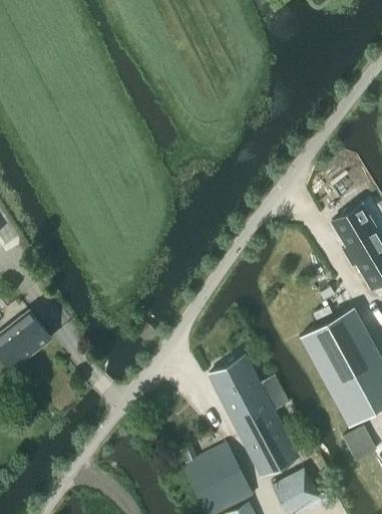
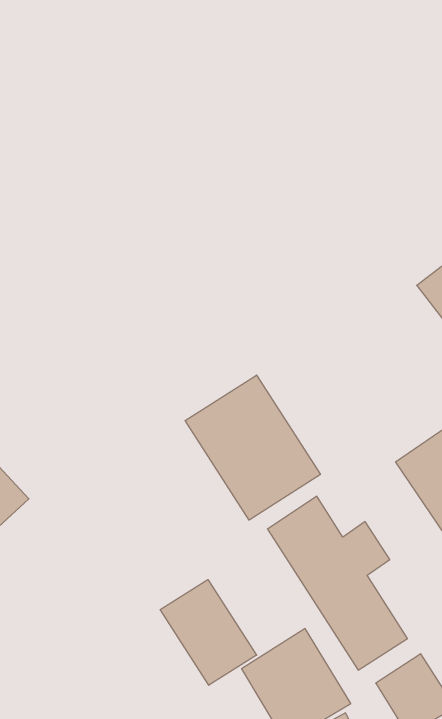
building: none -> [185,375,320,520]
building: none -> [160,580,257,685]

